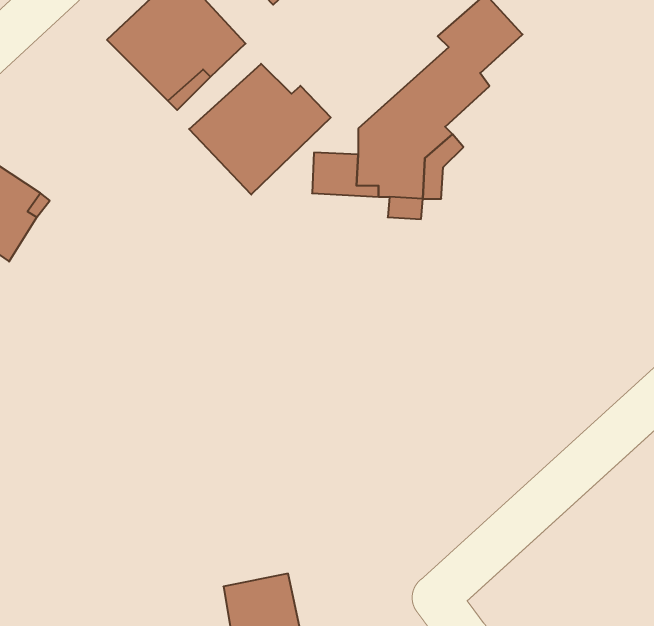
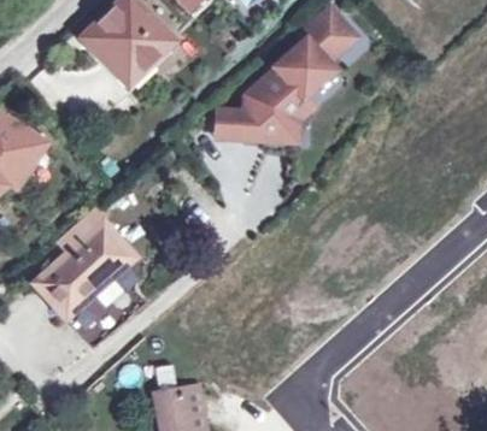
building: [189,64,331,195] -> none
building: none -> [33,222,133,347]

